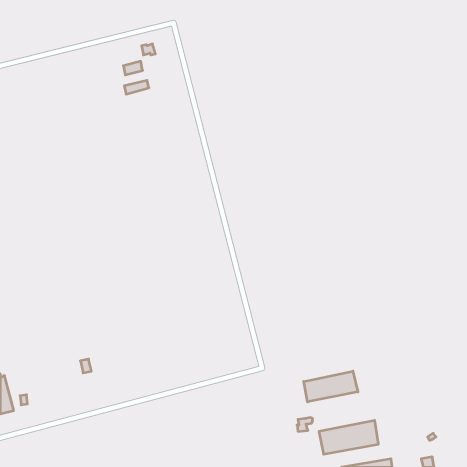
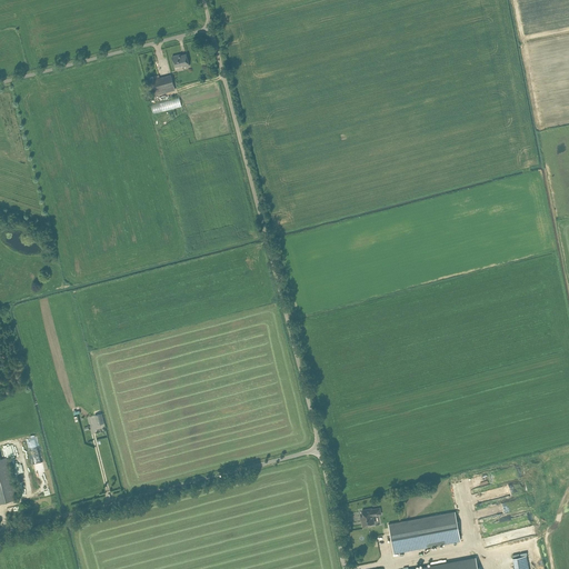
building: [304,371,358,402] -> none

